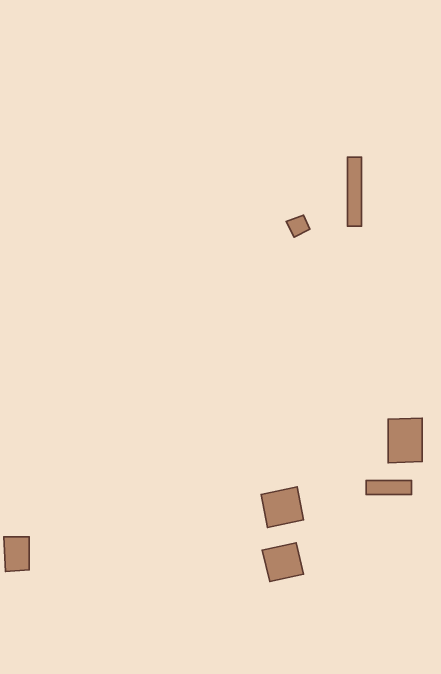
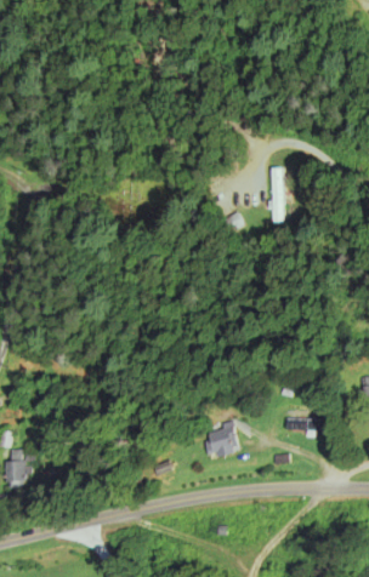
building: [388,418,422,463] -> none
building: [262,543,304,582] -> none

